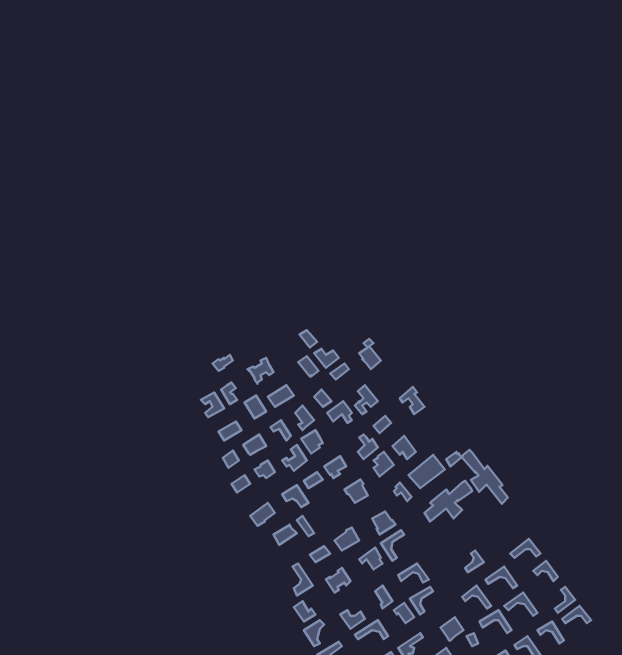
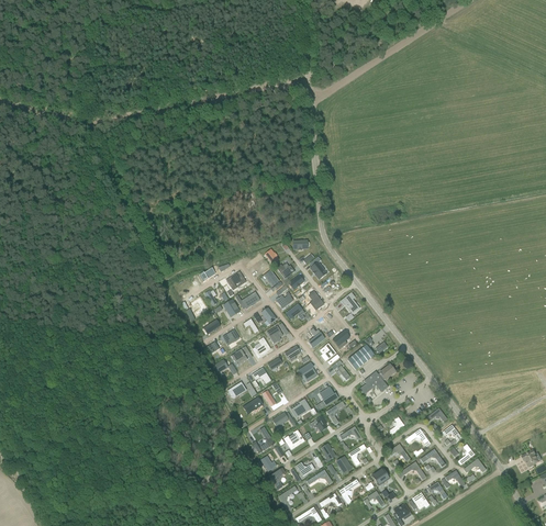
building: [462,450,508,504] -> none

